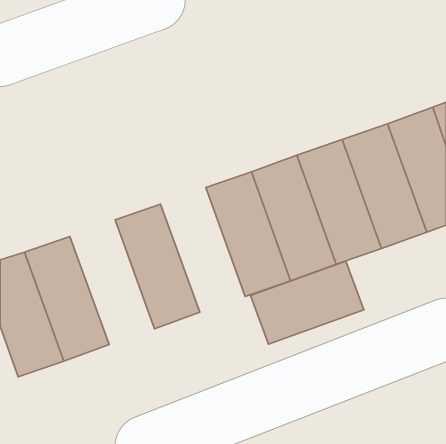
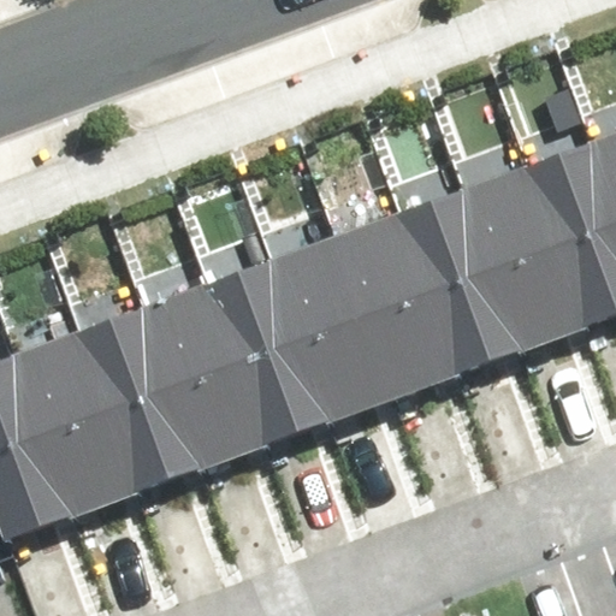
building: none -> [221,261,338,433]
building: none -> [96,306,213,478]
building: [250,261,364,344] -> none

